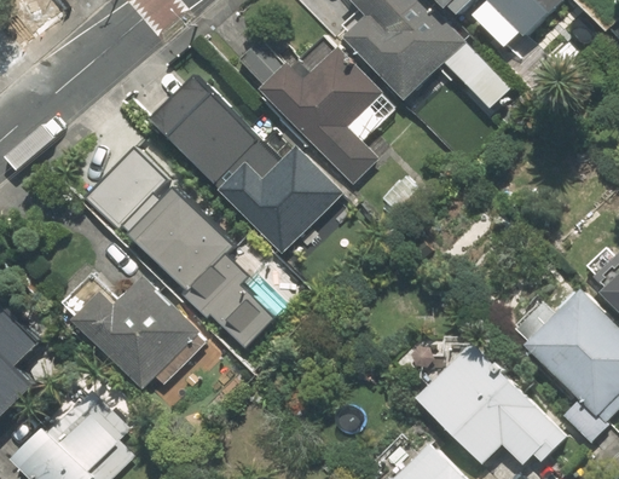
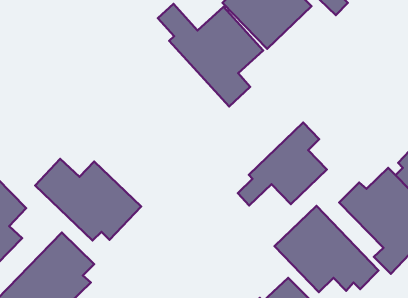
building: [145,75,343,256] -> none
building: [88,149,282,331] -> none
building: none -> [238,122,327,206]

